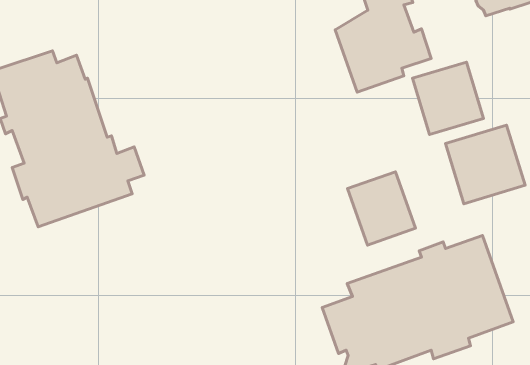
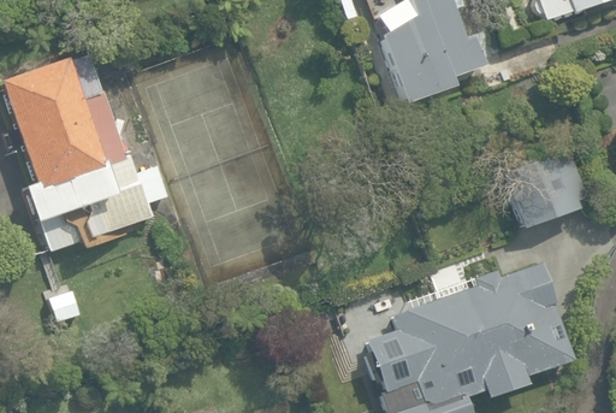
building: [413,62,484,134] -> none
building: [347,172,416,245] -> none

